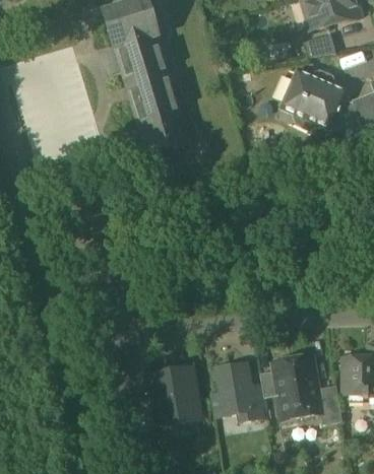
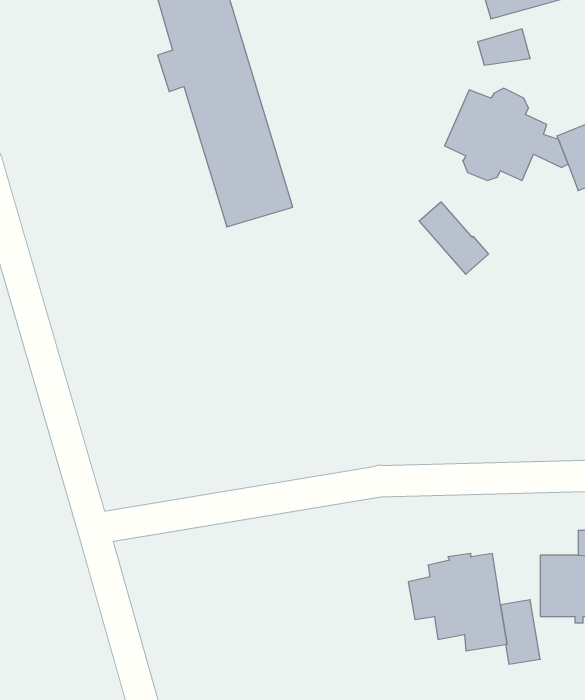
building: none -> [419,202,489,274]
building: [212,365,264,420] -> none
building: [153,373,197,421] -> none

